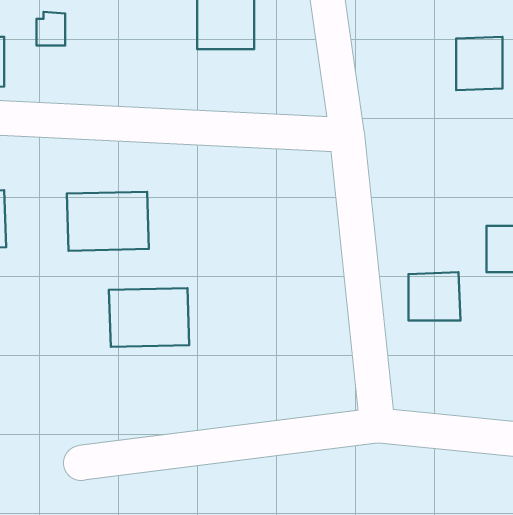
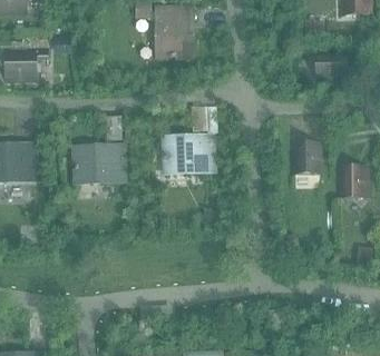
building: [409,272,460,320] -> [291,141,323,171]
building: [109,288,189,347] -> [164,135,214,171]

